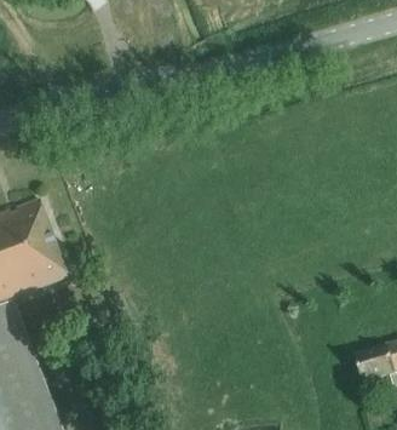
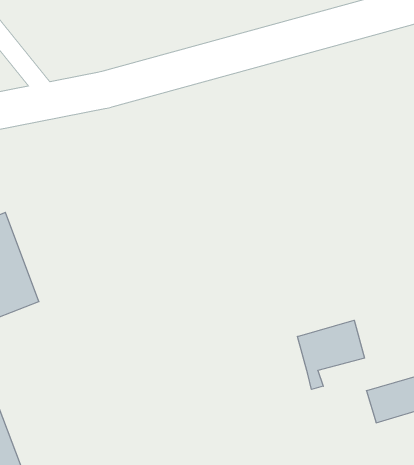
building: none -> [297,320,365,389]

